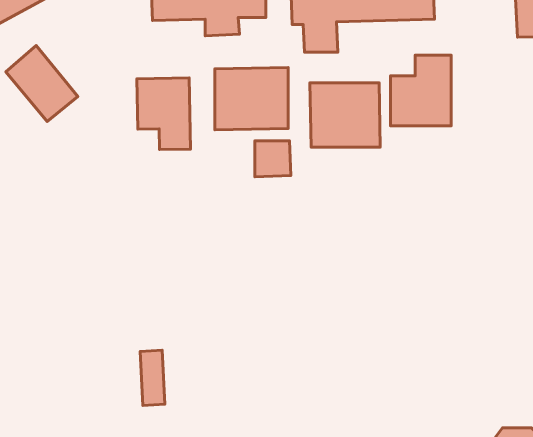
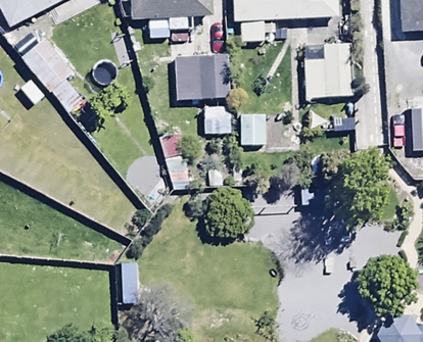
building: [137,78,190,150] -> none
building: [310,83,380,147] -> none

